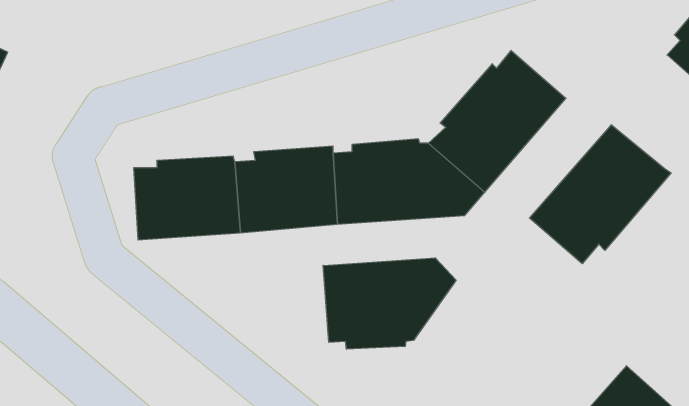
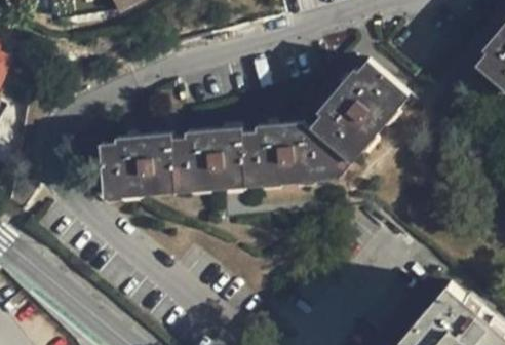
building: [529,125,671,264] -> none
building: [323,258,456,349] -> none

